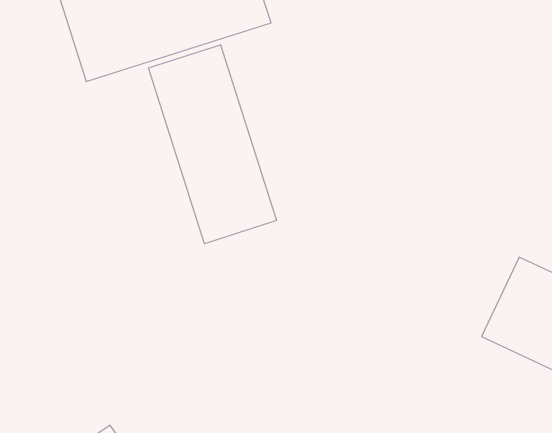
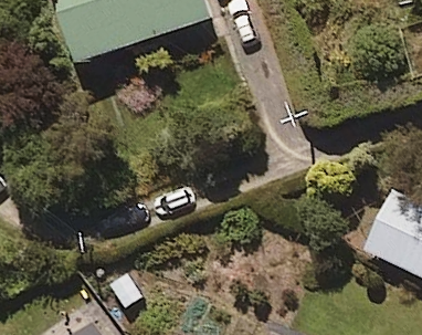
building: [149,45,276,244] -> none

